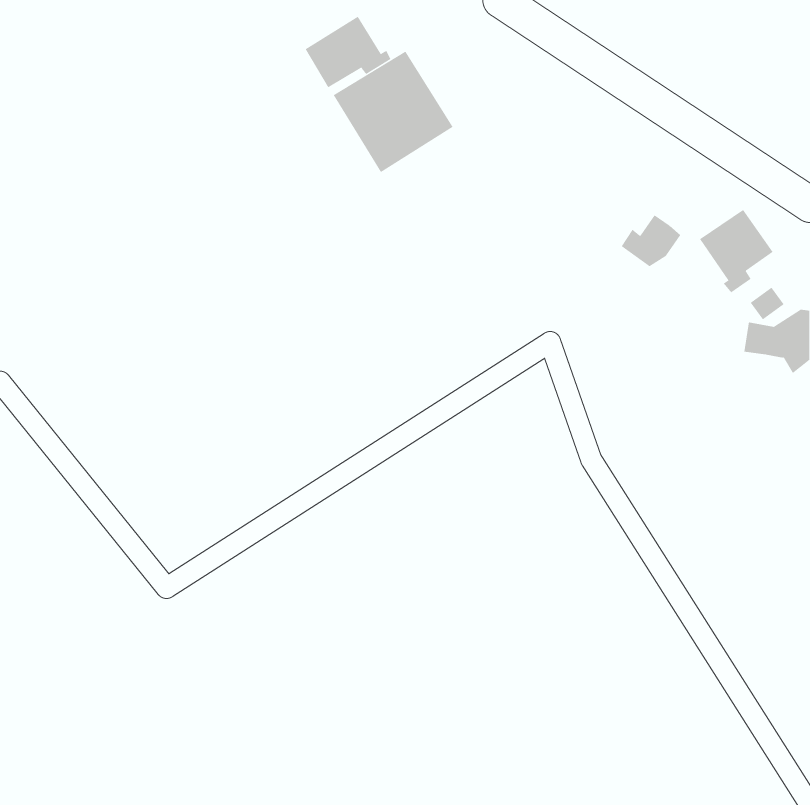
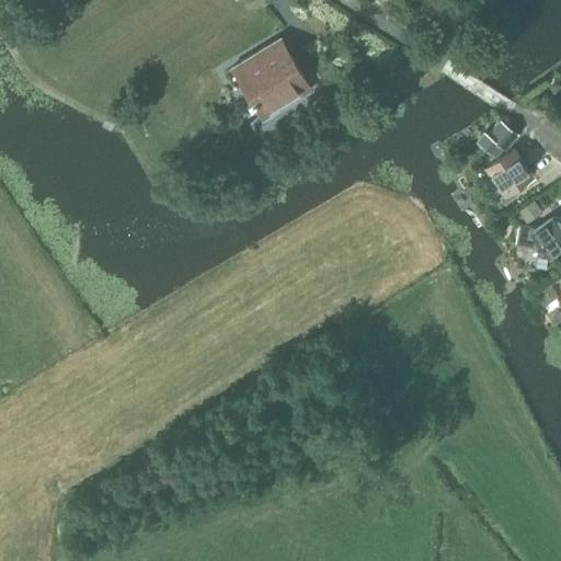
building: [305,16,391,88] -> none
building: [621,214,681,267] -> [477,123,518,159]

